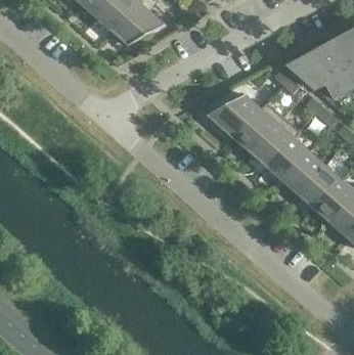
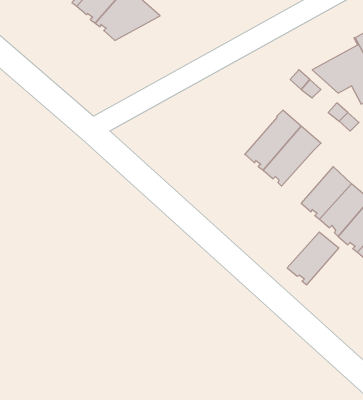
building: [207,94,262,140] -> none
building: [266,137,309,181] -> [287,232,339,285]

